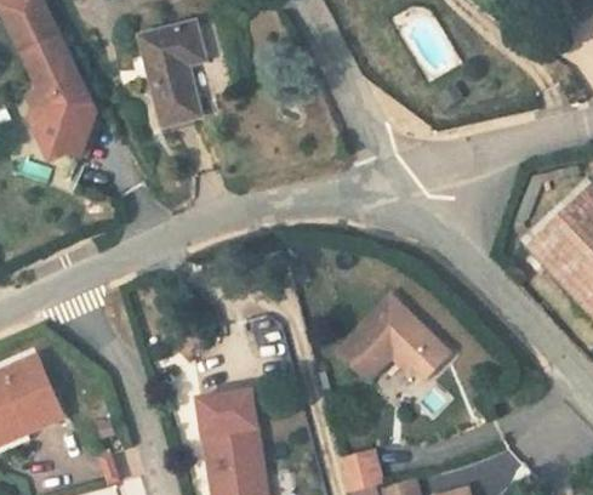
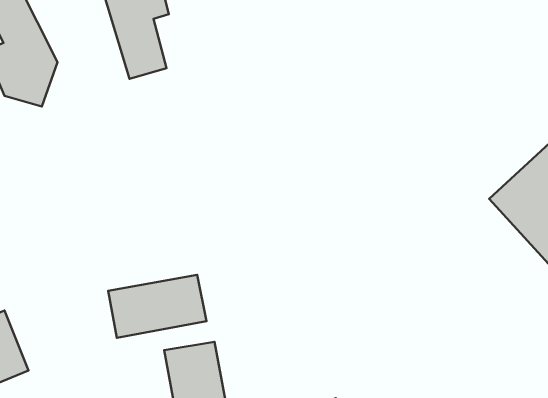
building: [332,295,447,382] -> none
building: none -> [108,275,207,338]

